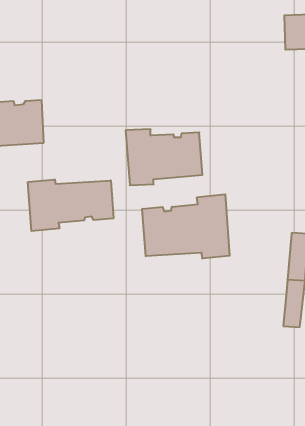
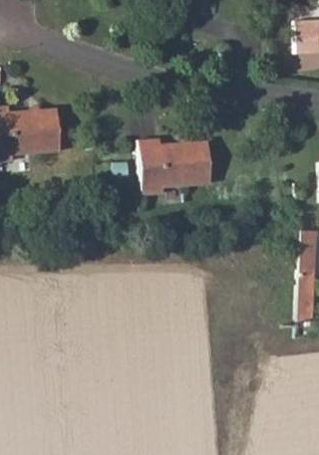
building: [28,179,113,231] -> none
building: [142,194,230,259] -> none

